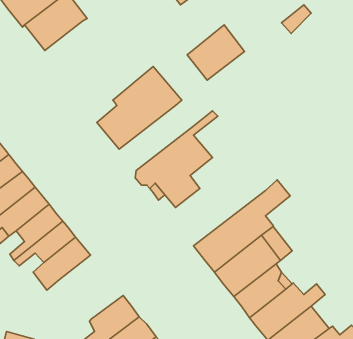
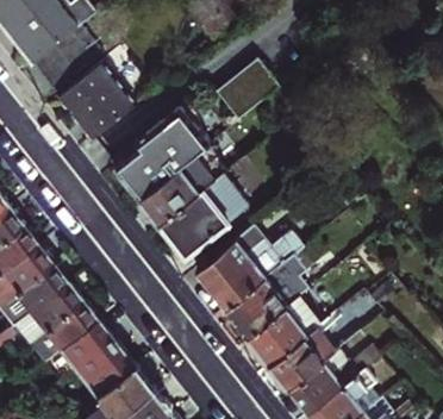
building: none -> [55,61,133,142]
building: none -> [138,156,220,229]
building: none -> [193,231,302,313]
building: none -> [71,324,143,395]

